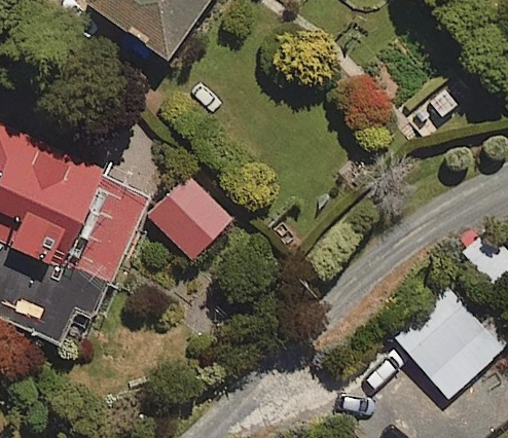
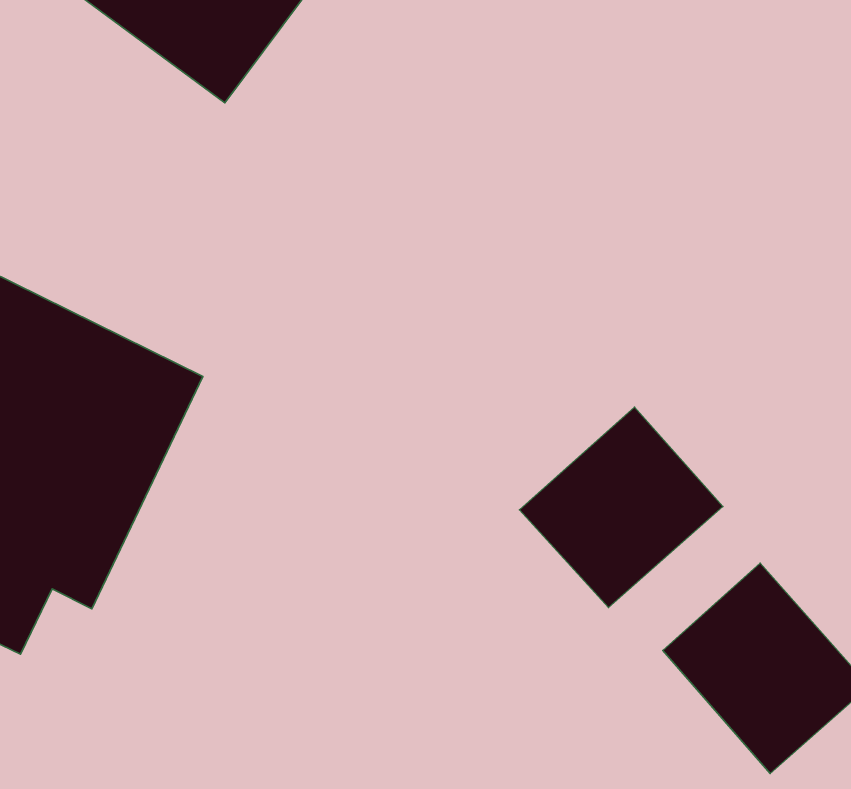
building: [148,175,234,261] -> none
building: none -> [520,407,723,607]

